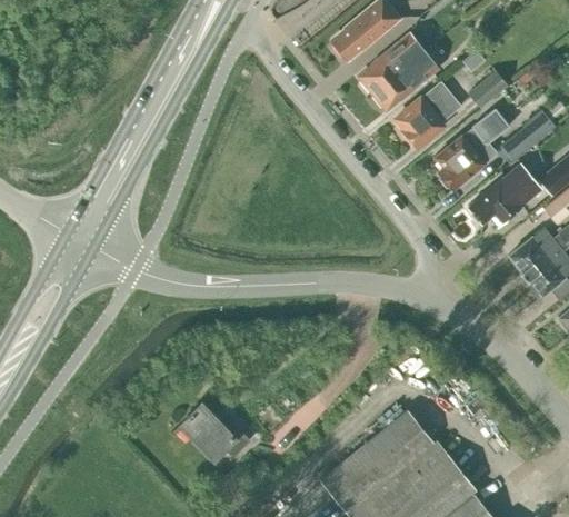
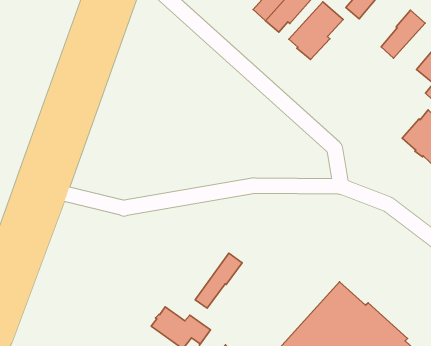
building: [435,108,510,189] -> none
building: [468,163,540,227] -> none
building: none -> [195,253,242,308]

